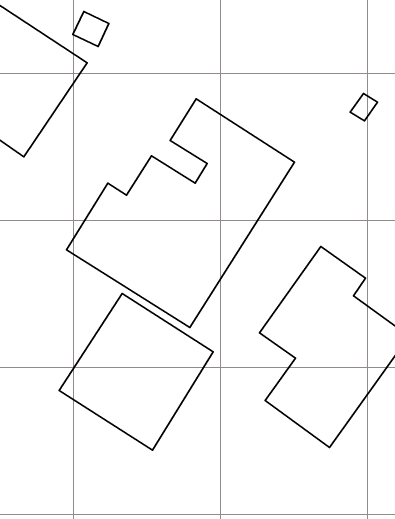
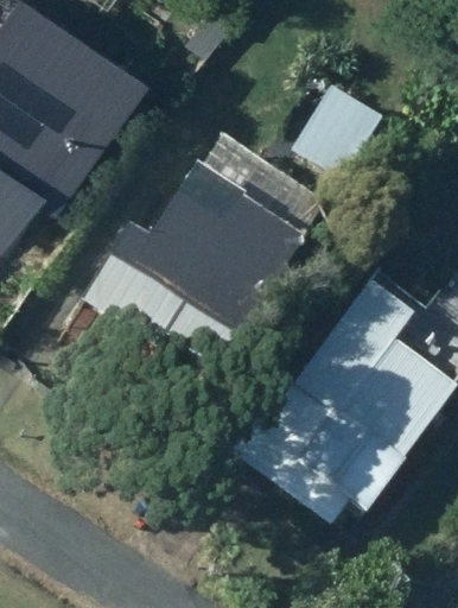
building: [59,293,213,450] -> none

